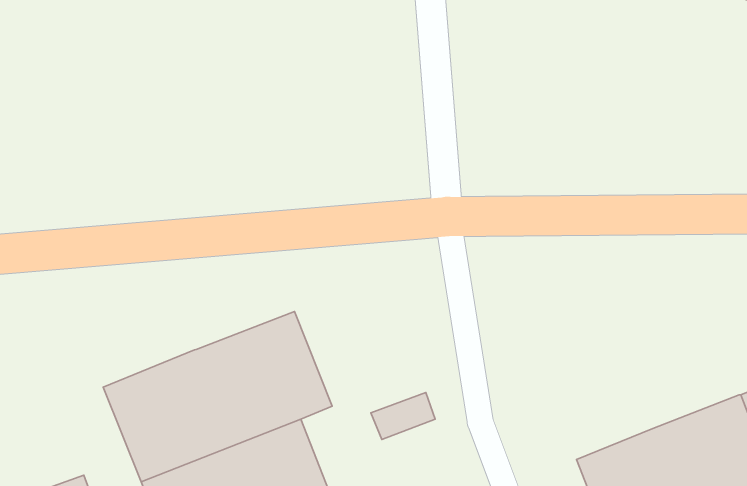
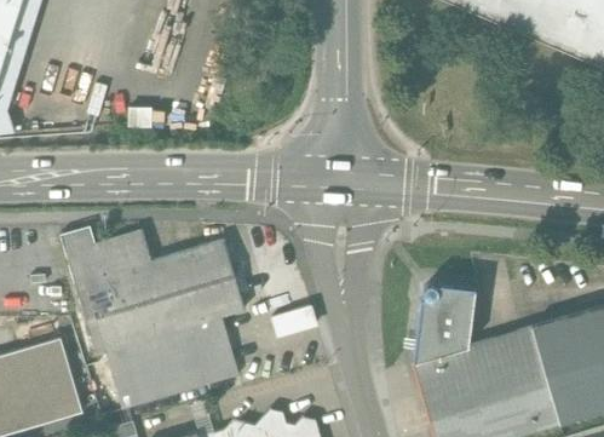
building: none -> [62,228,151,284]
building: none -> [413,283,476,362]

